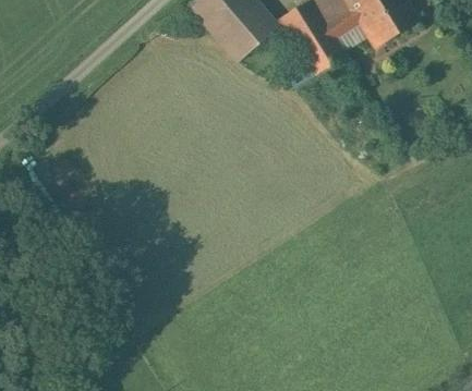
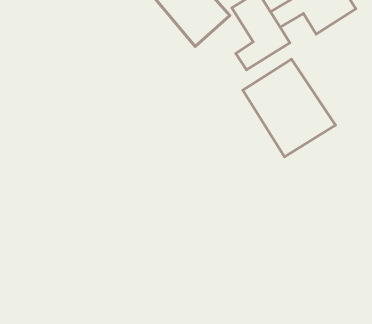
building: none -> [243,59,336,157]

